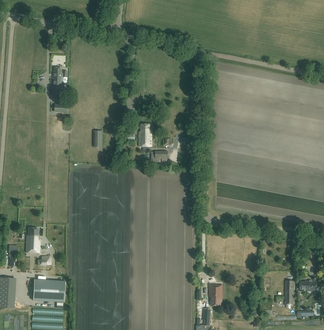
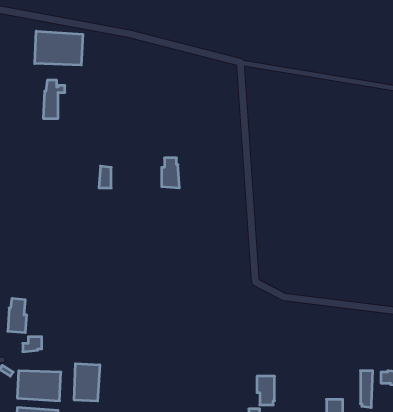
building: none -> [35,31,83,65]
building: none -> [74,364,100,401]

